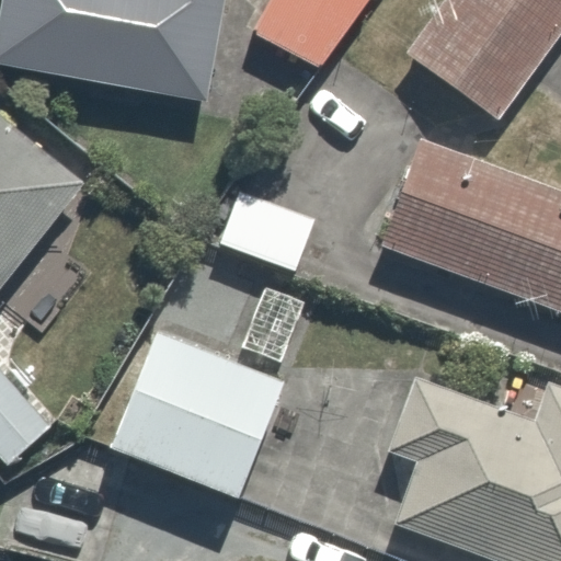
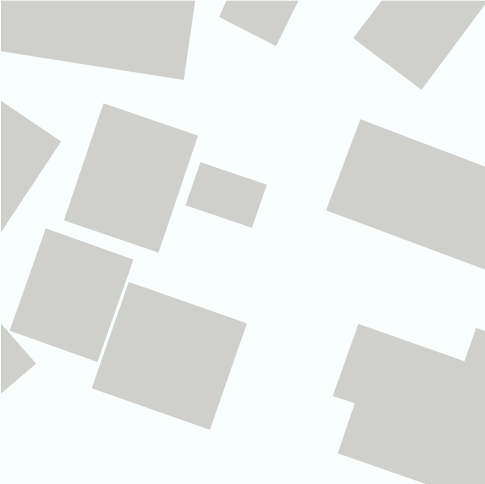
building: none -> [63,102,199,253]
building: none -> [9,228,134,363]

